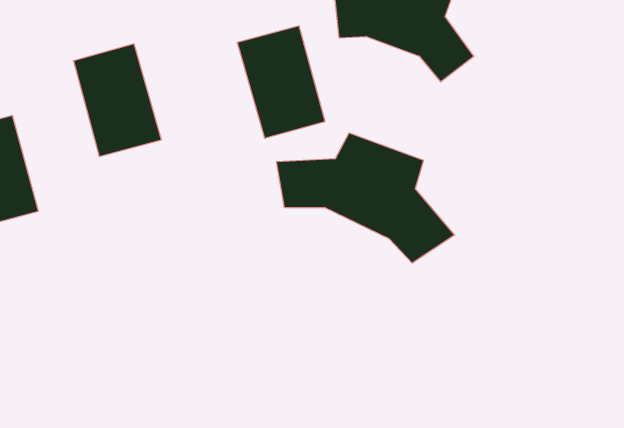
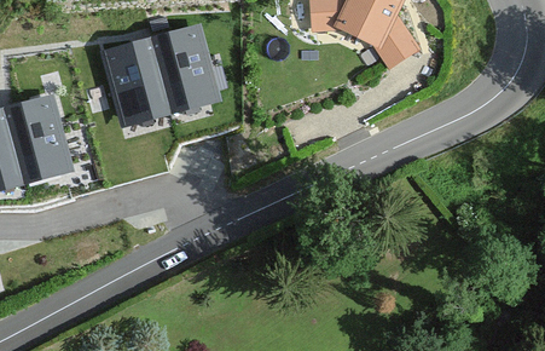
building: [237,26,325,138] -> [149,24,219,114]
building: [277,133,455,263] -> none

